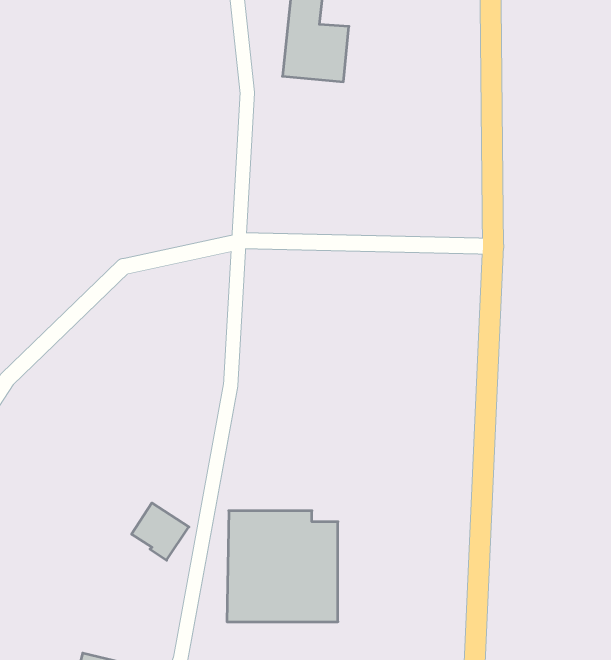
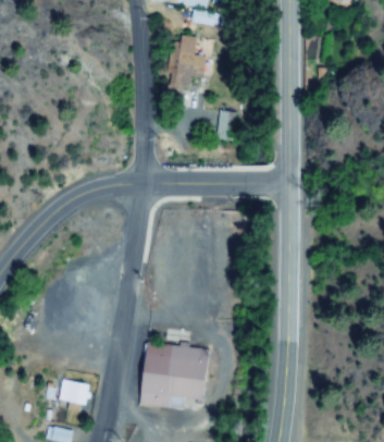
building: none -> [216,112,235,140]
building: [132,503,189,560] -> [59,378,92,412]

